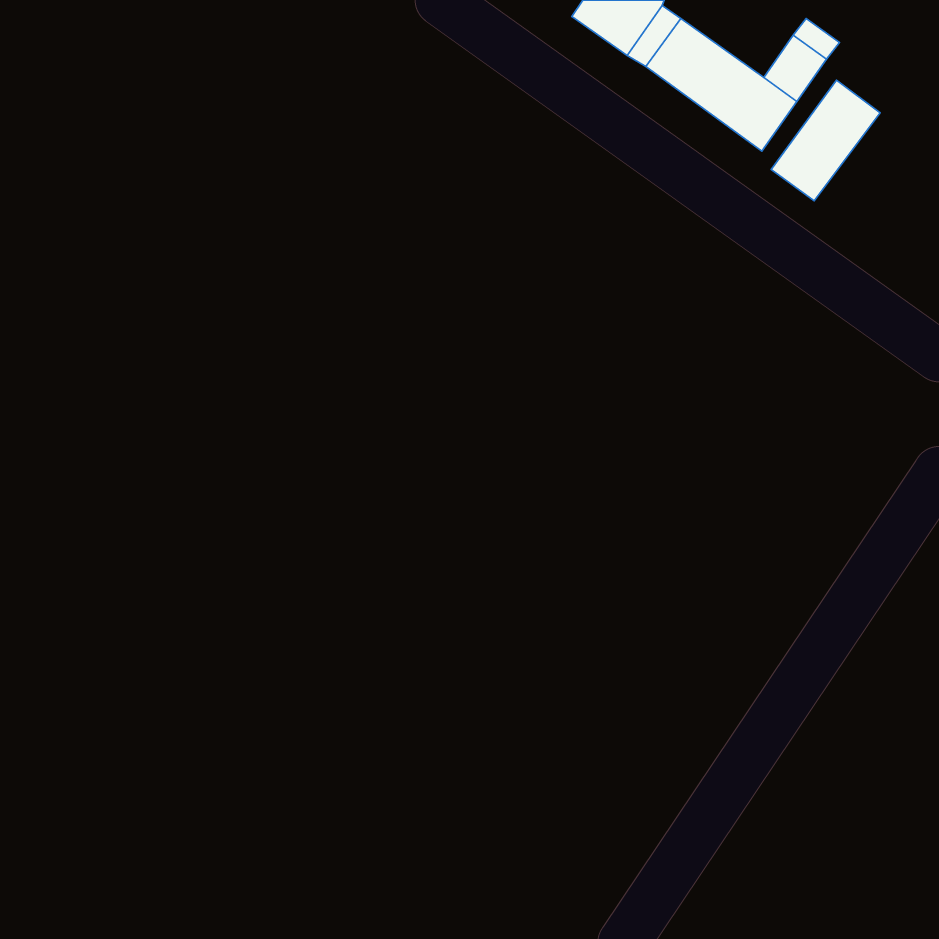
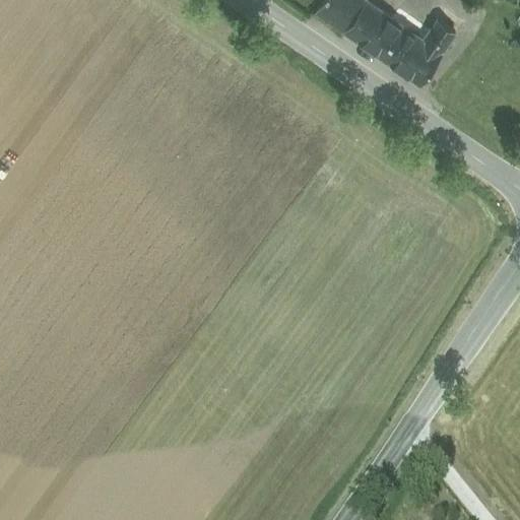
building: [771,80,880,201] -> none

